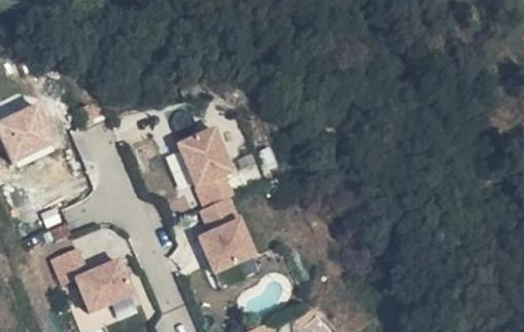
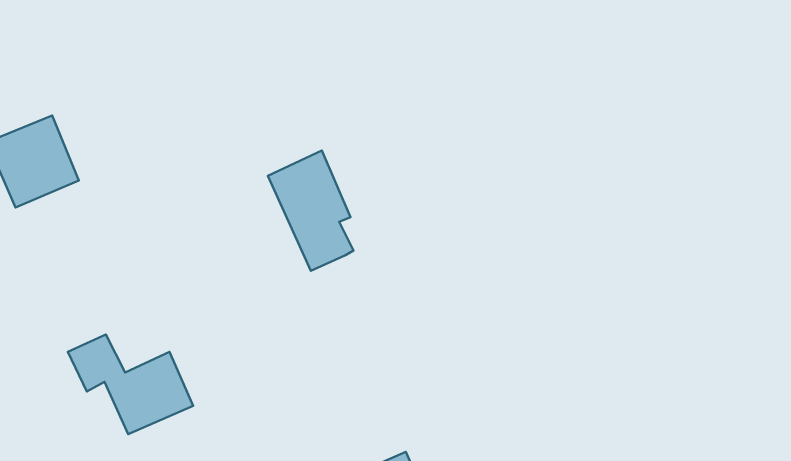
building: [199,195,255,270] -> none

